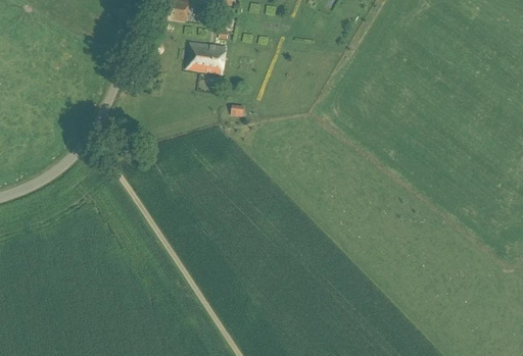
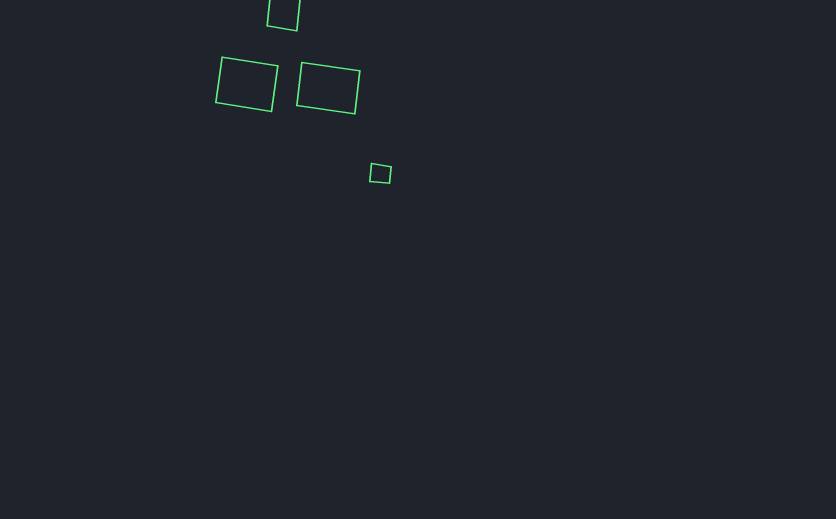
building: none -> [216,57,278,111]

